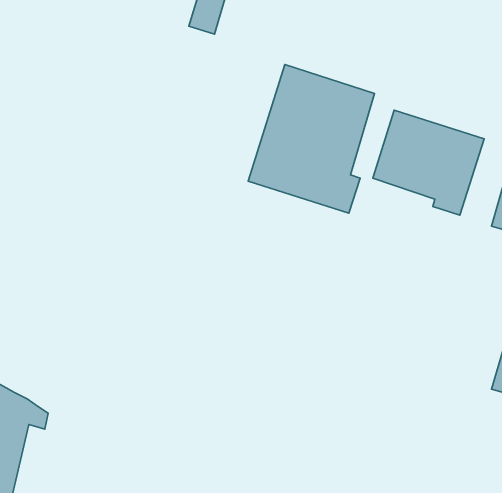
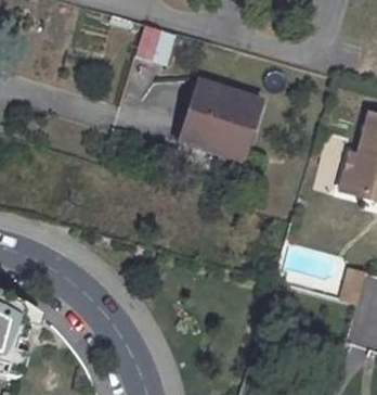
building: [373,110,484,215] -> none

